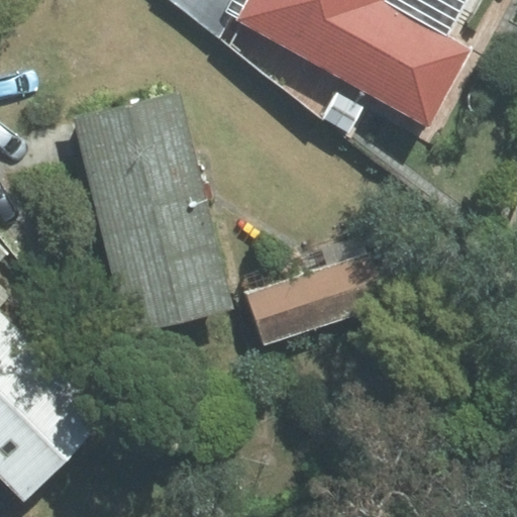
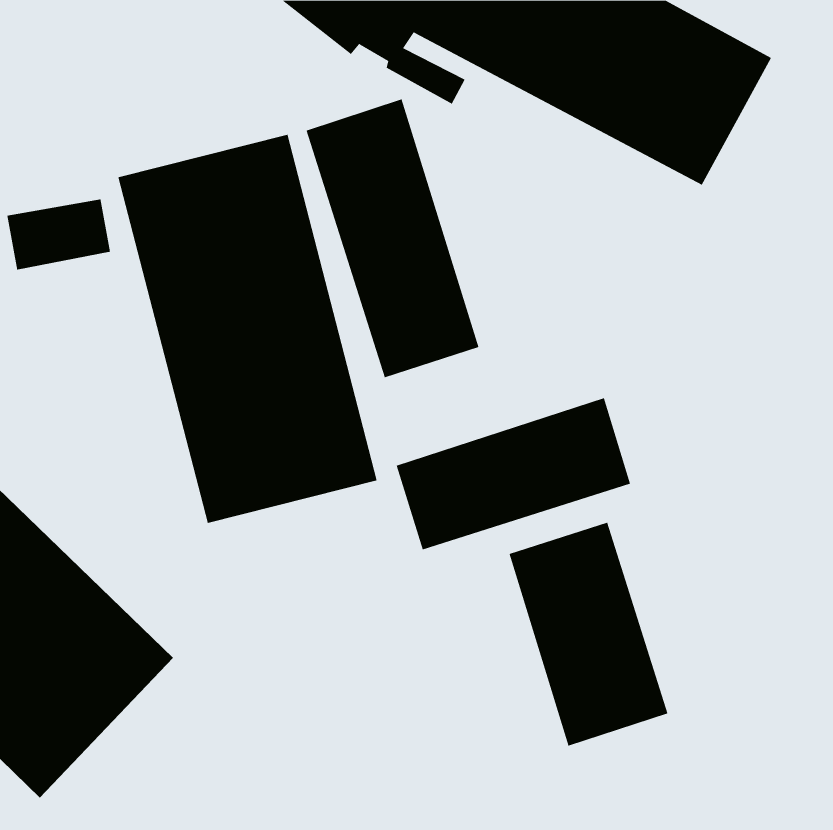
building: none -> [306,99,479,378]
building: none -> [509,522,668,746]

